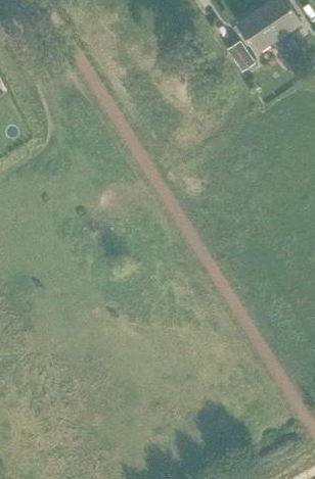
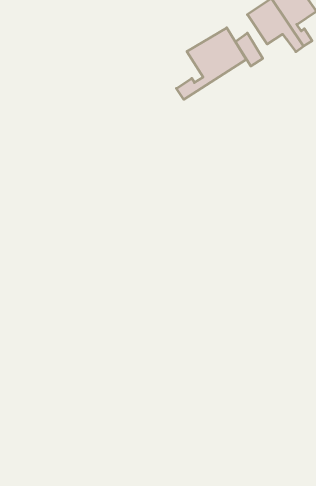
building: none -> [176,28,246,99]

